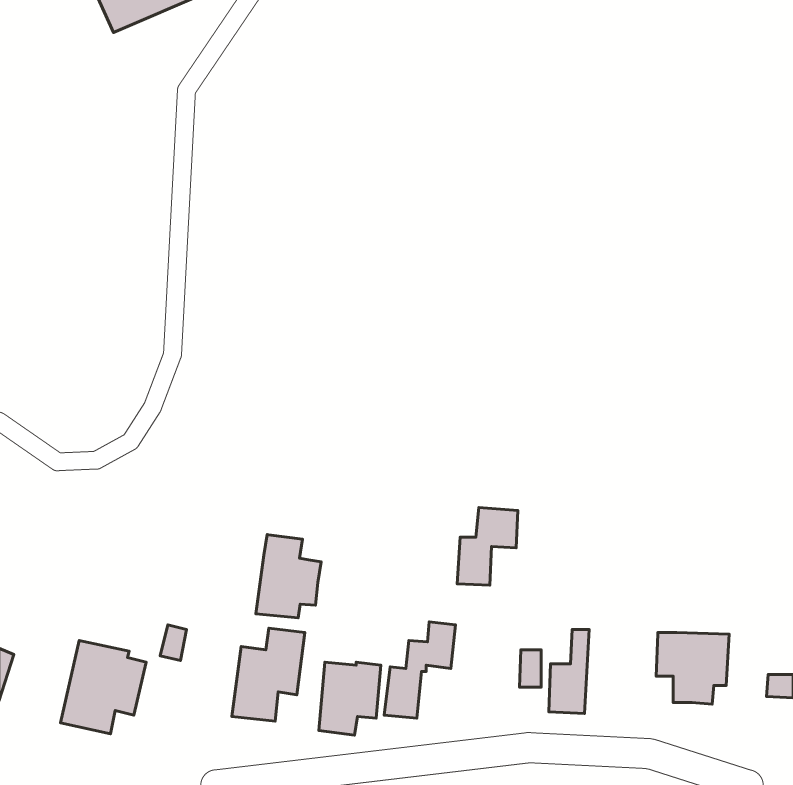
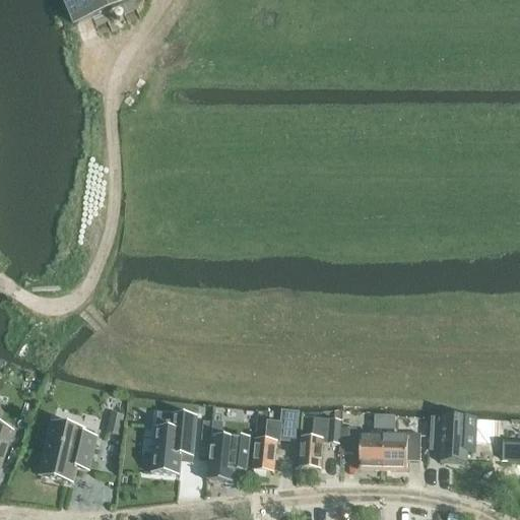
building: [457,508,518,585] -> [299,414,338,465]
building: [256,535,321,618] -> none
building: none -> [382,411,419,467]

